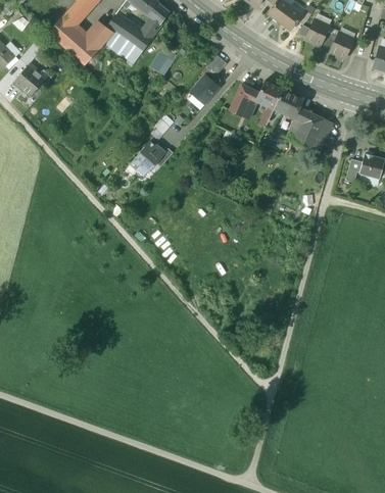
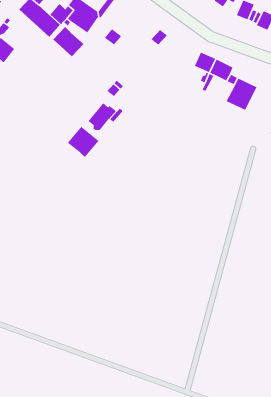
building: none -> [53,26,84,57]
building: [191,75,219,103] -> none
building: [229,84,259,114] -> none
building: none -> [67,126,100,158]

